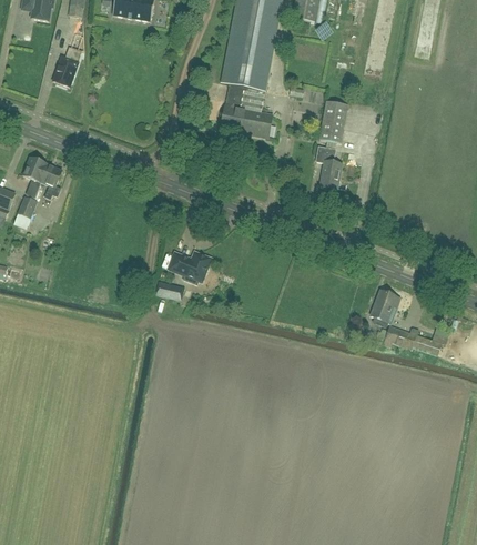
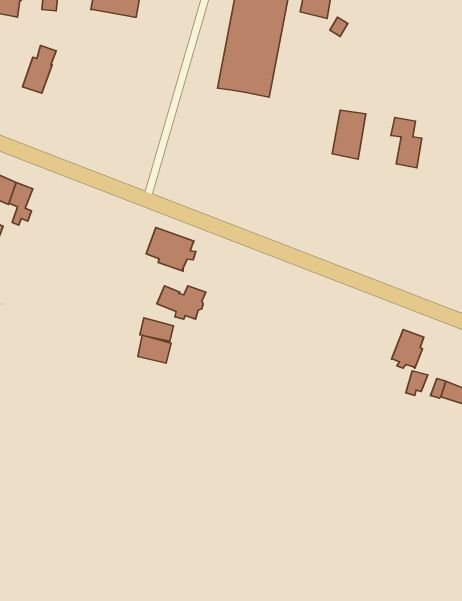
building: [221,83,272,137] -> none
building: [315,145,342,189] -> [391,117,422,168]
building: none -> [146,227,196,271]
building: none -> [138,335,171,363]

